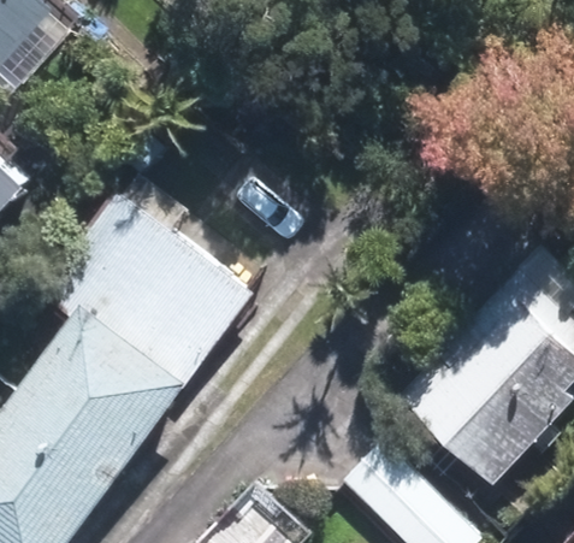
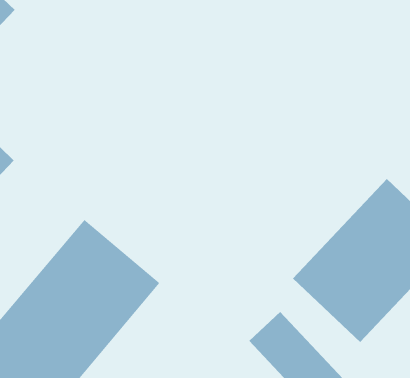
building: [49,191,268,377] -> none

